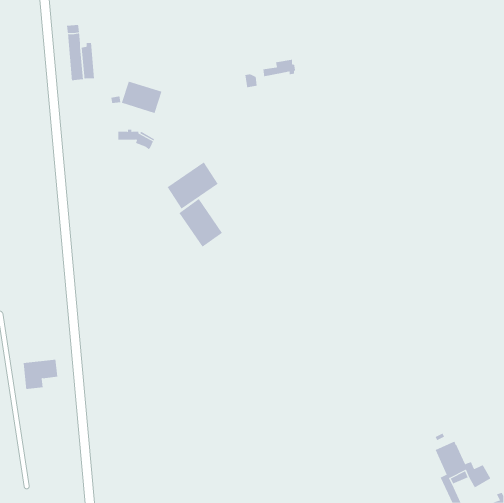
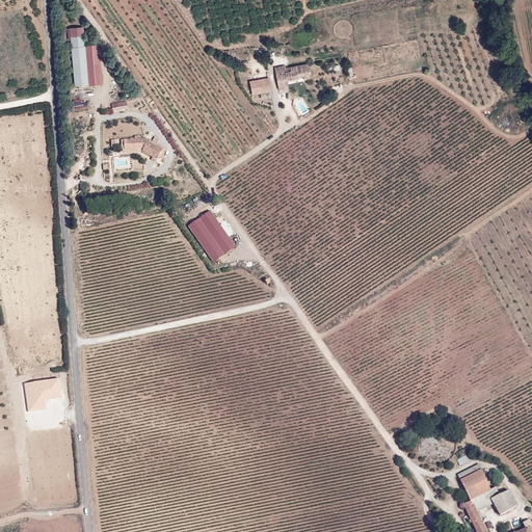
building: [121,81,162,114] -> none
building: [167,161,219,209] -> none

